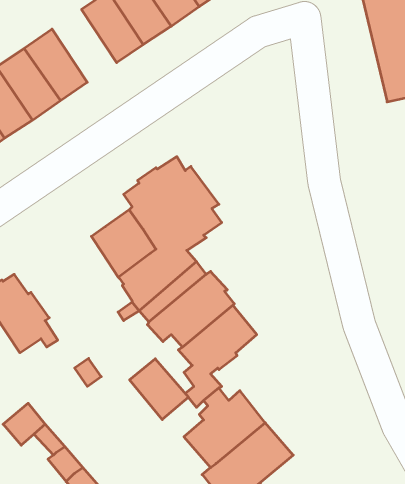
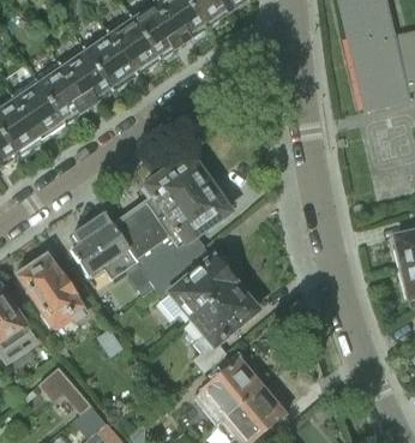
building: none -> [80,30,136,92]
building: none -> [72,211,138,279]
building: [130,359,188,420] -> none

